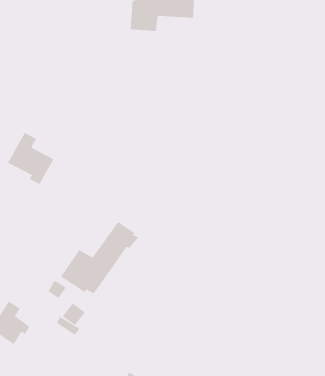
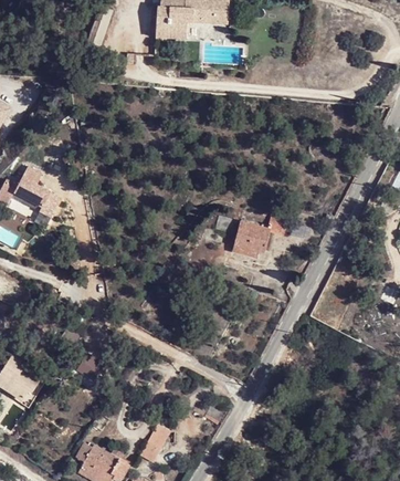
building: none -> [232,215,288,260]
building: [60,221,139,294] -> none

